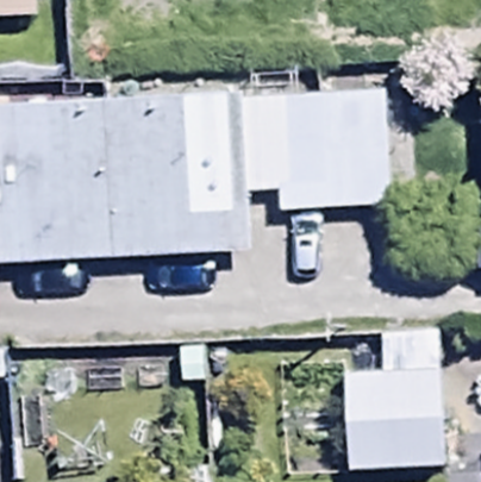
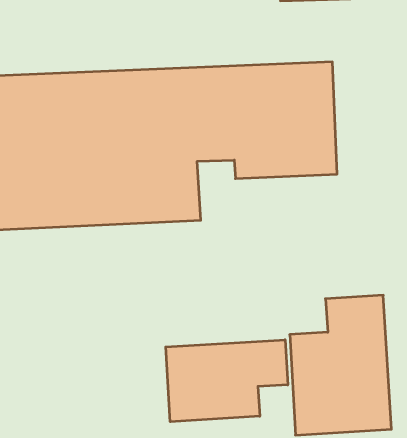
building: none -> [166,340,288,422]

